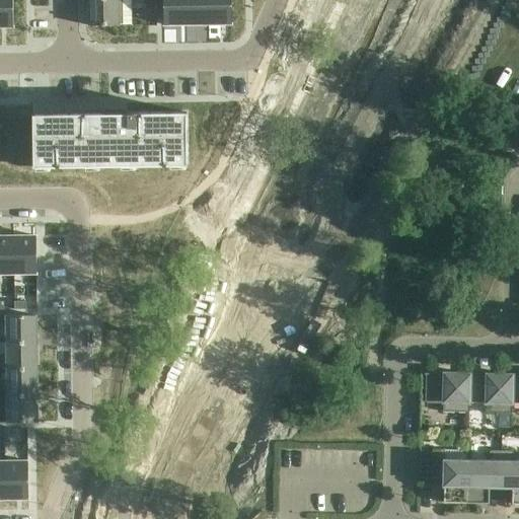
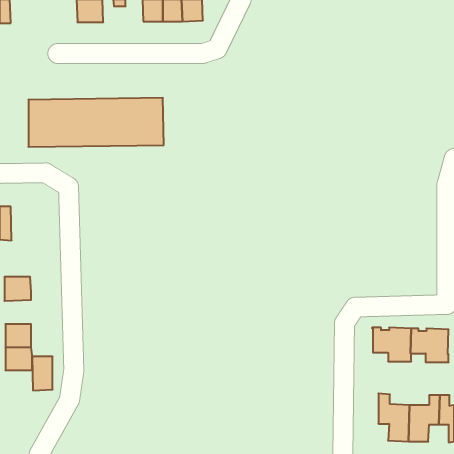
building: [12,235,35,274] -> none
building: [5,342,35,369] -> none
building: [4,460,27,499] -> [32,357,53,390]

